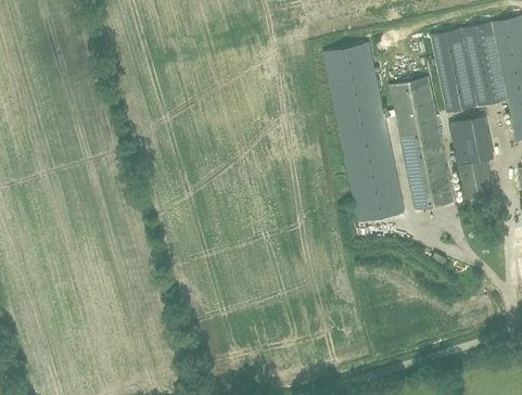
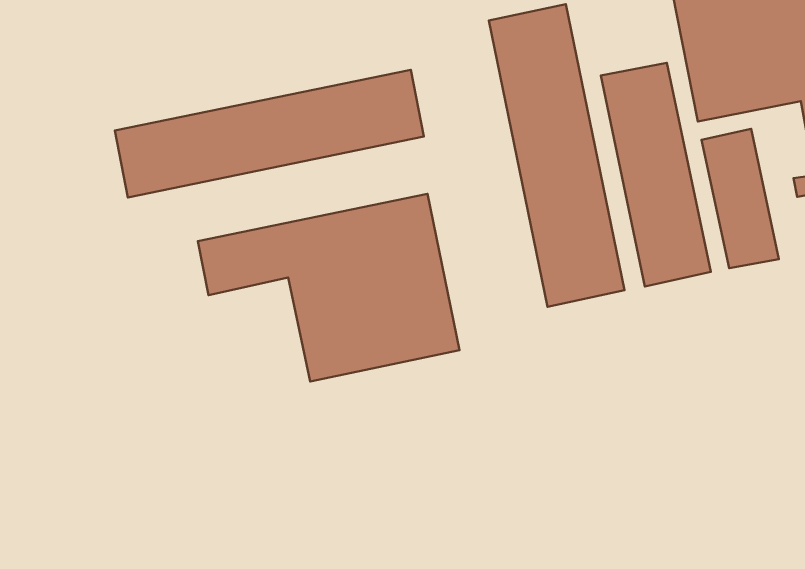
building: none -> [115,70,424,197]
building: none -> [198,194,459,381]

